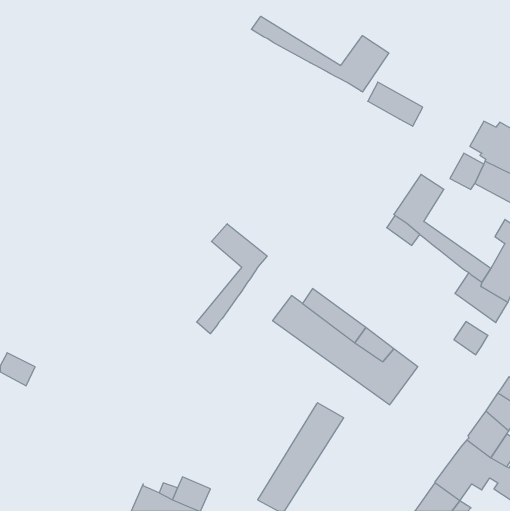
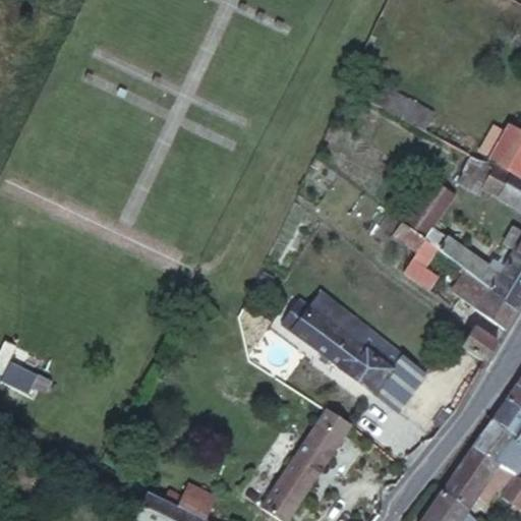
building: [251,16,389,92] -> none
building: [197,224,267,334] -> none
building: none -> [404,238,444,289]

